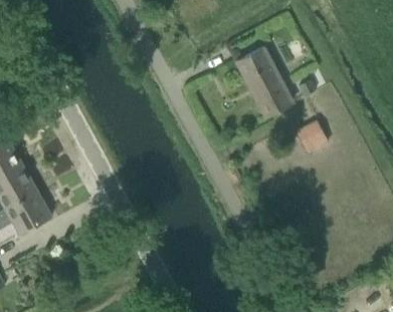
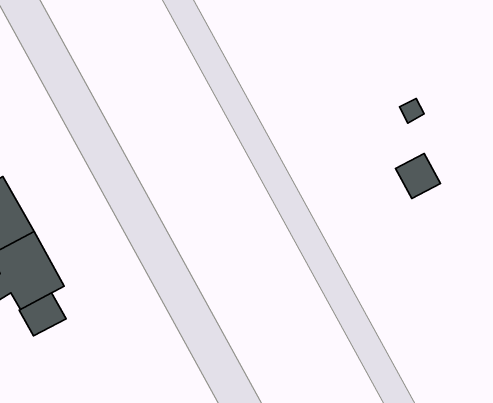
building: [237,48,292,117] -> none
building: none -> [19,293,66,336]

